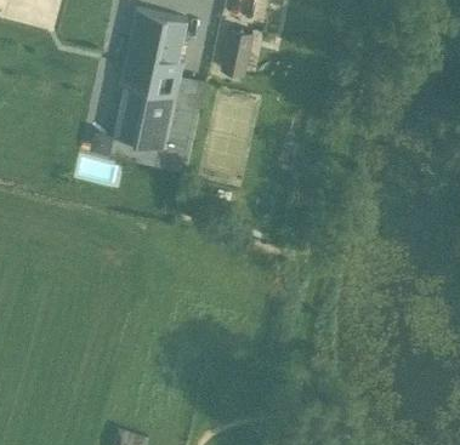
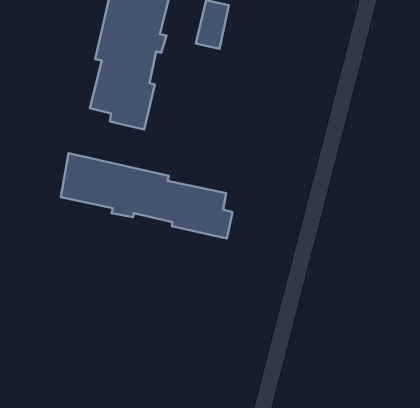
building: none -> [61,153,233,238]

